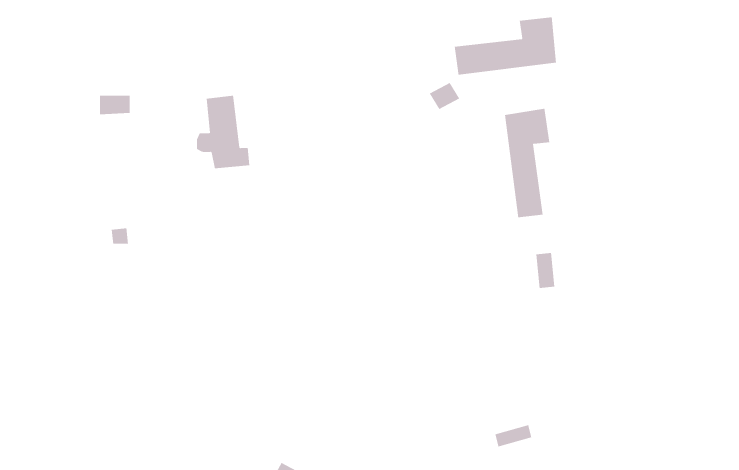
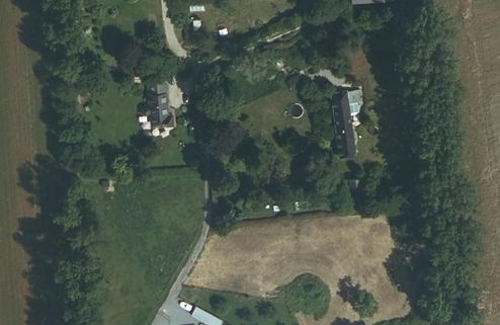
building: [454,17,557,76] -> none

